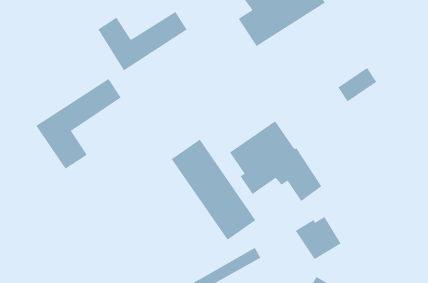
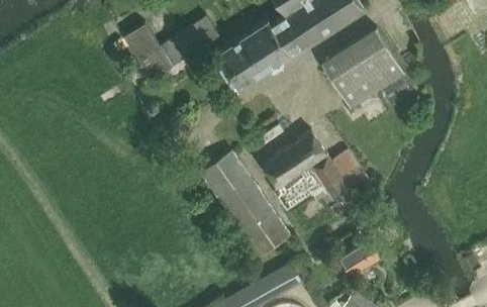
building: none -> [216,20,291,89]
building: none -> [320,28,404,107]
building: [36,78,122,170] -> none
building: none -> [333,149,368,189]

